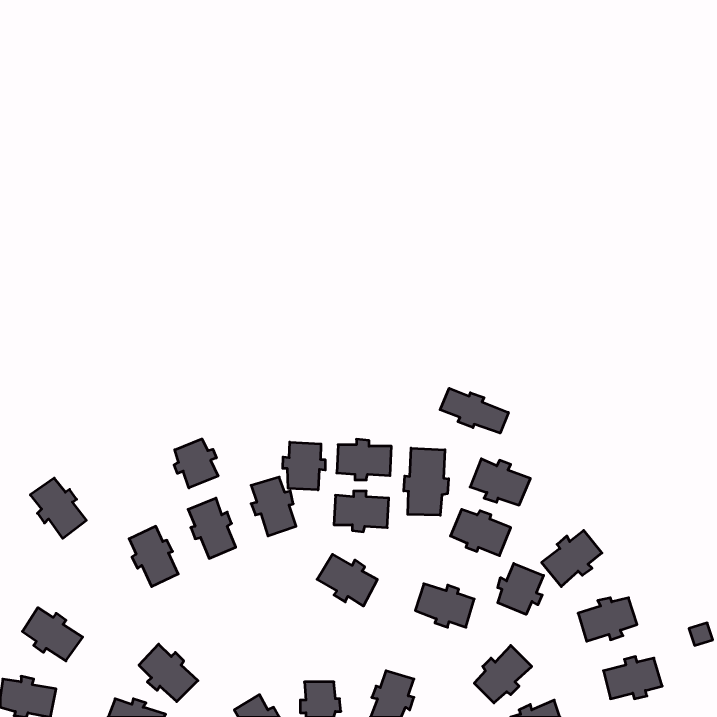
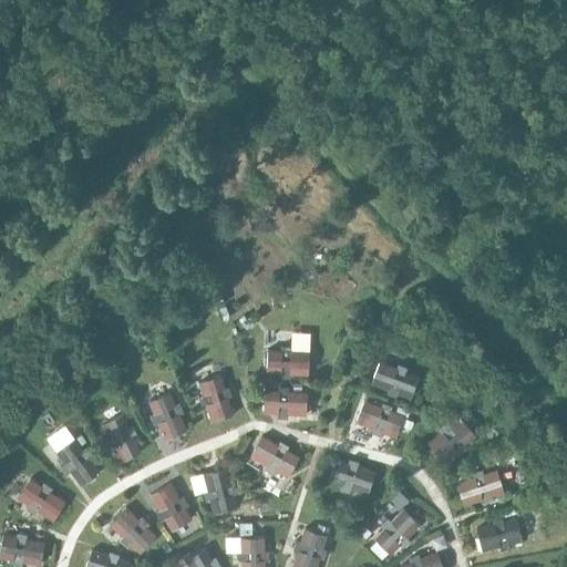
building: [440,388,508,433] -> none
building: [174,439,218,488] -> none
building: [283,442,325,490] -> none
building: [404,448,449,515] -> none
building: [30,478,86,538] -> [55,440,100,487]
building: [498,563,544,614] -> none
building: none -> [203,468,236,515]
building: none -> [151,484,192,532]

